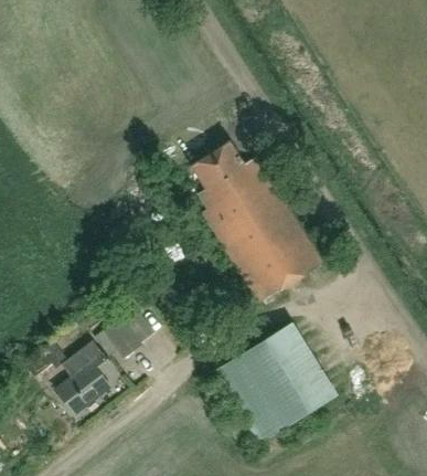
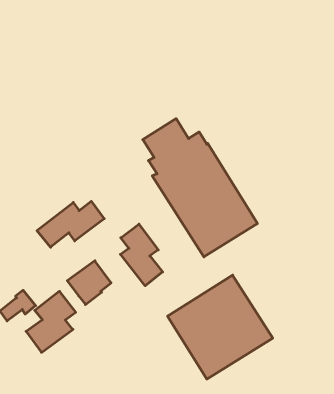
building: none -> [37,201,104,247]
building: none -> [120,224,163,286]

